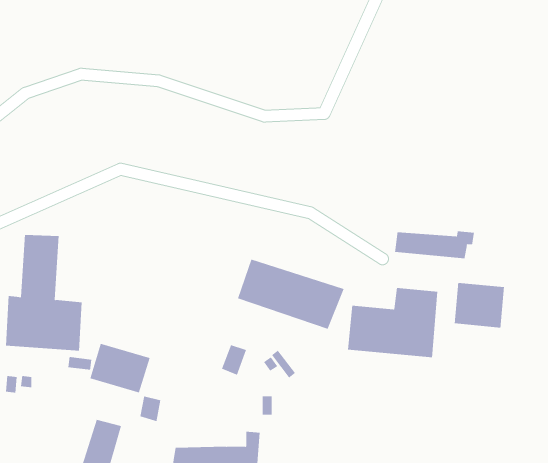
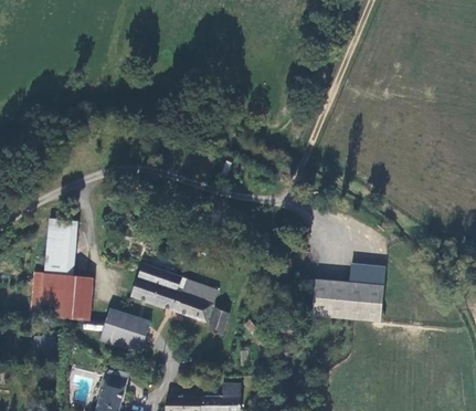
building: [394,231,474,259] -> none
building: [237,259,345,330] -> [130,264,218,322]
building: [454,282,504,328] -> none

